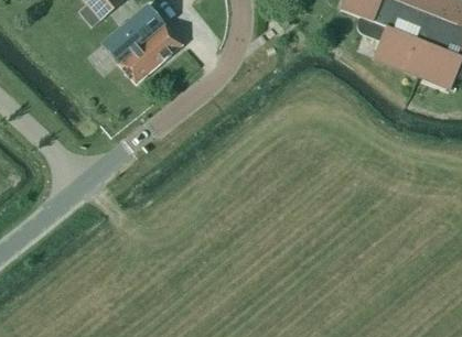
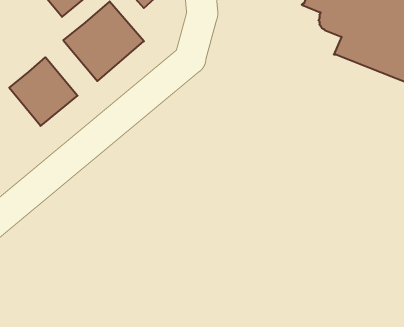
building: none -> [9,57,78,126]

